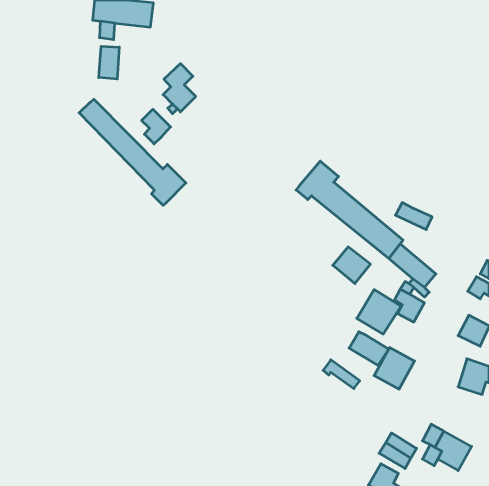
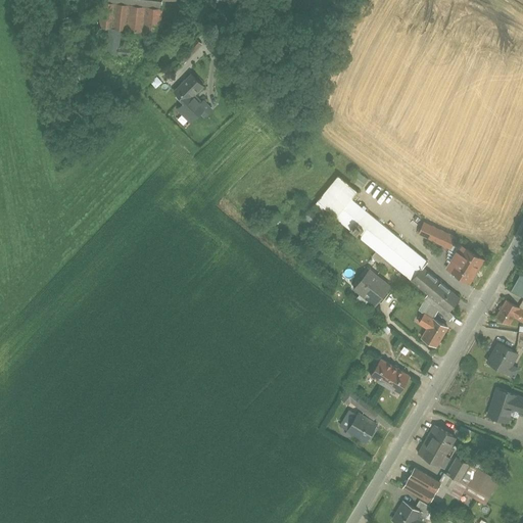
building: [99,46,119,79] -> none
building: [79,99,186,205] -> none
building: [142,109,171,144] -> none
building: none -> [445,244,485,284]
building: [357,290,401,334] -> none
building: [374,348,415,389] -> [417,425,460,469]
building: none -> [346,412,378,442]

